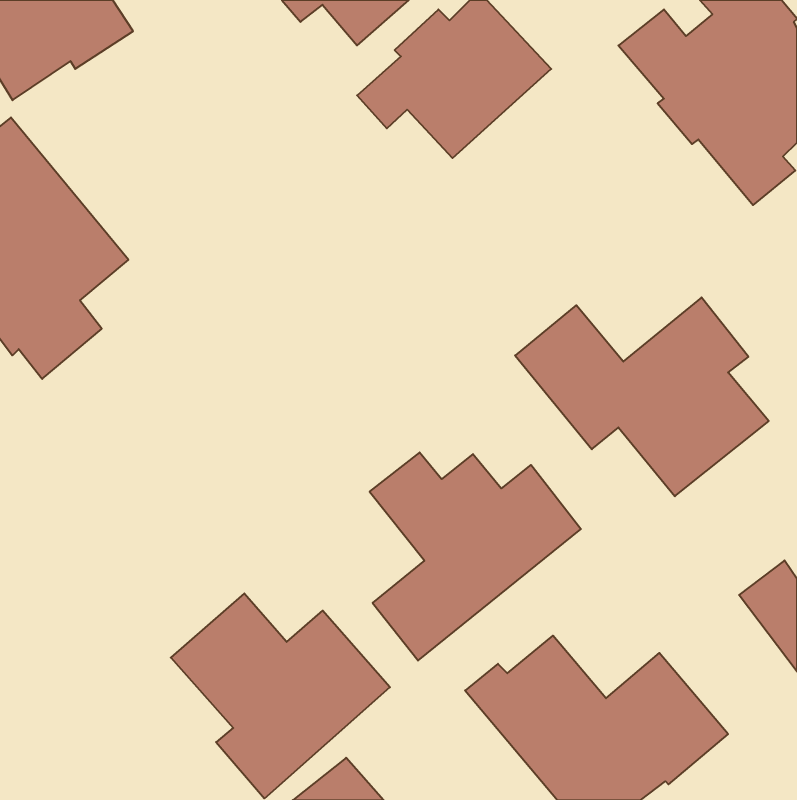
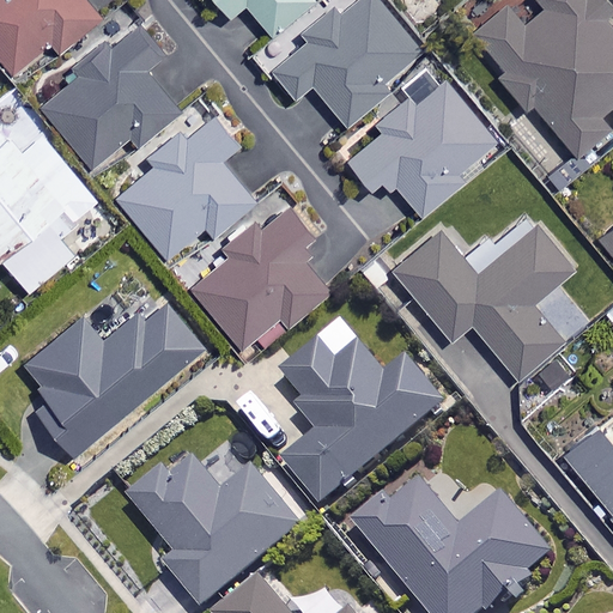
building: none -> [41,19,177,166]
building: none -> [347,81,499,212]
building: none -> [119,113,254,257]
building: none -> [192,207,321,345]
building: none -> [20,303,201,455]

